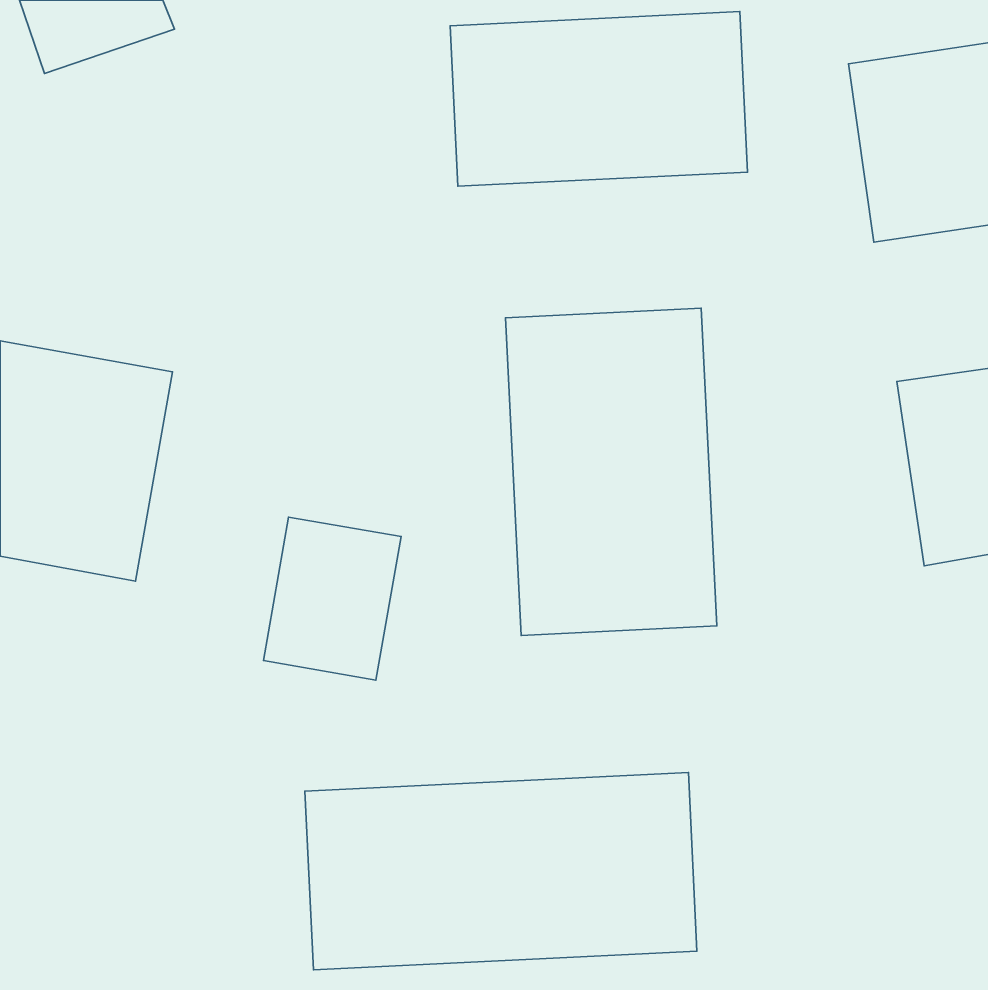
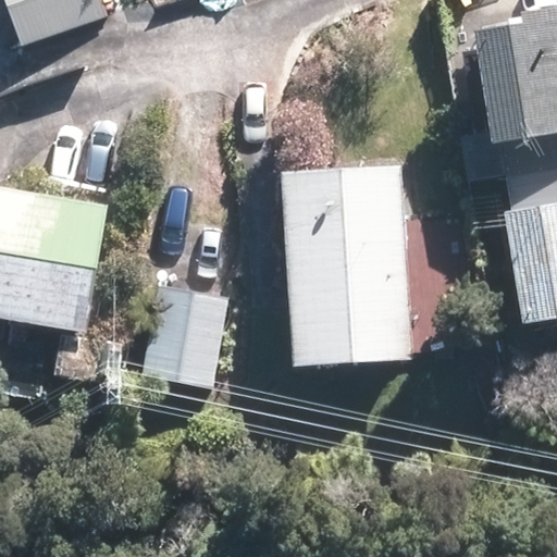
building: [450,12,748,186] -> none
building: [305,772,697,970] -> none

